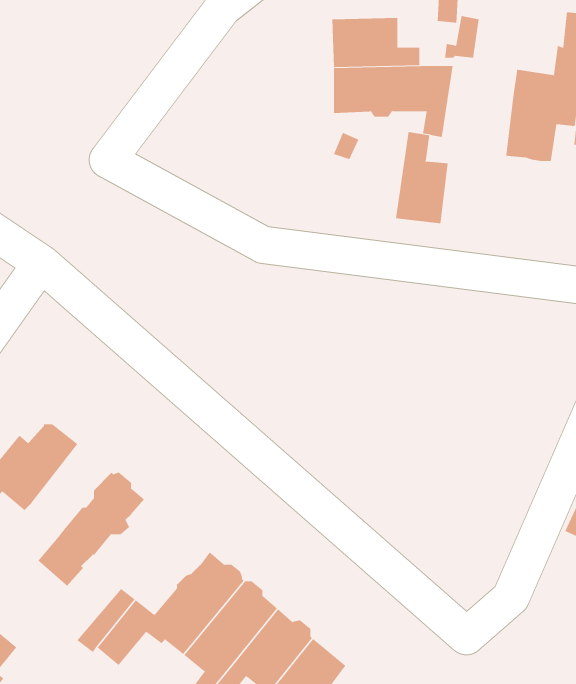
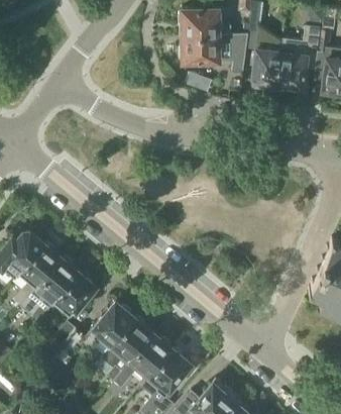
building: [395,132,449,224] -> [251,37,280,88]
building: none -> [13,244,62,308]
building: none -> [52,275,96,319]

